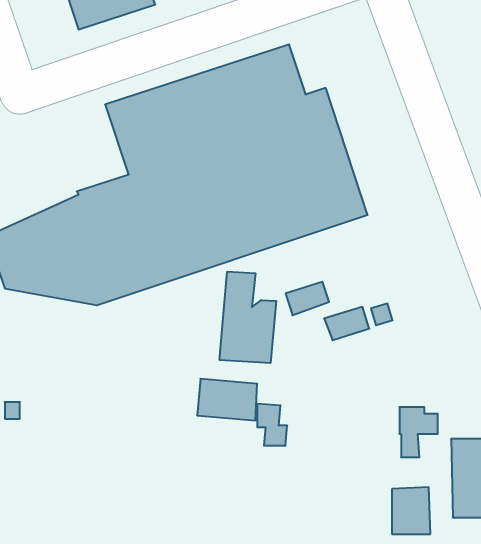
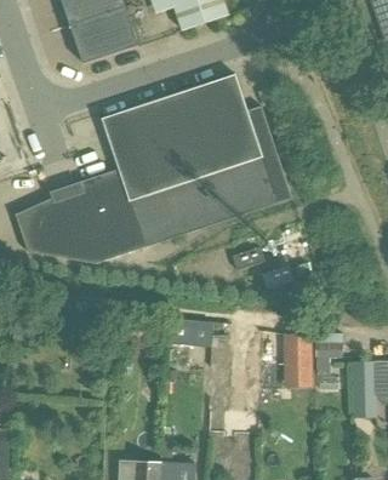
building: [220,272,276,363] -> none
building: [392,487,430,534] -> [283,332,310,366]

